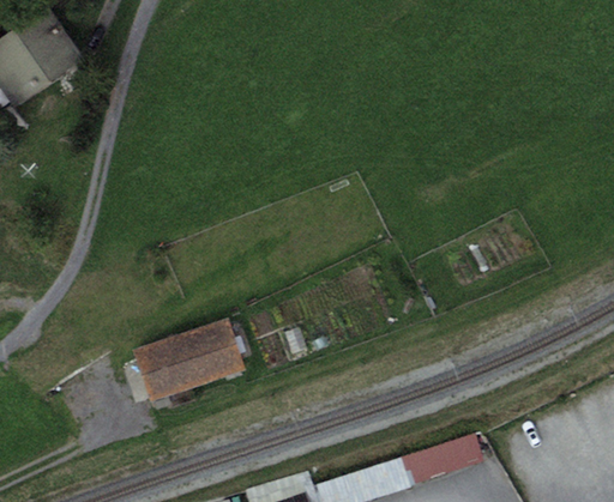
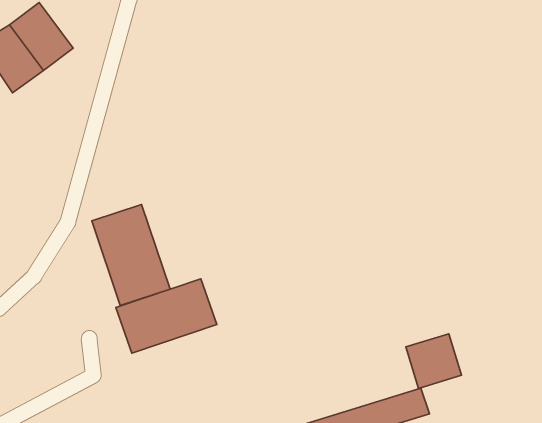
building: none -> [92,204,170,305]
building: none -> [406,334,462,388]

